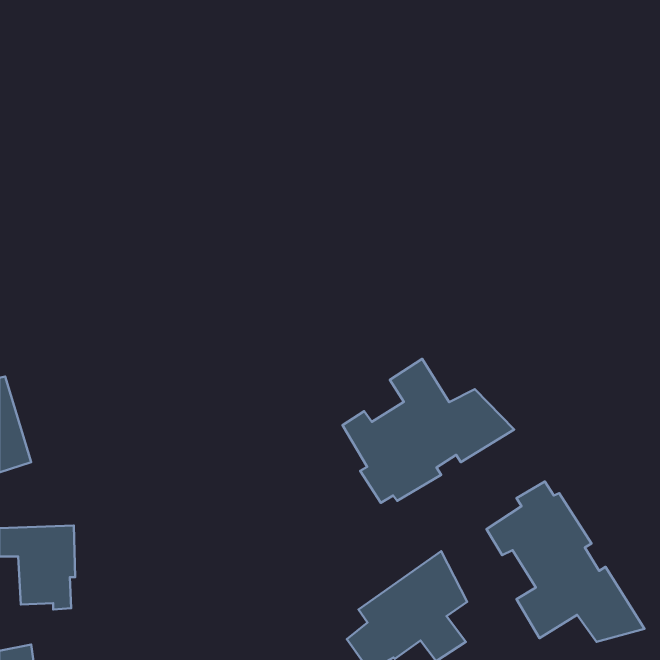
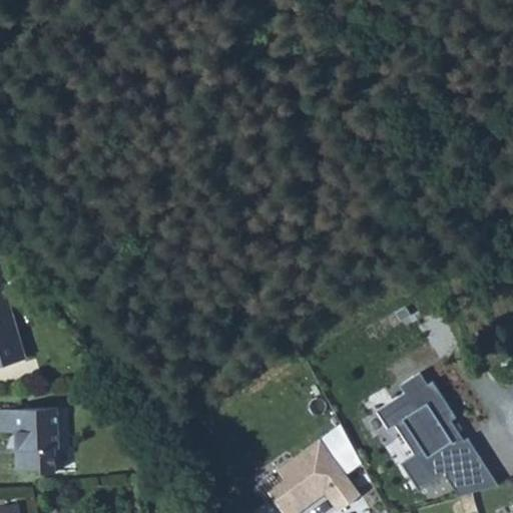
building: [343,359,514,503] -> none

